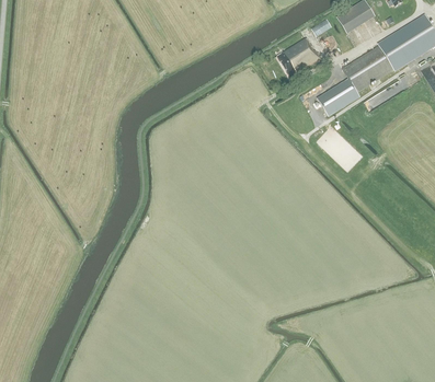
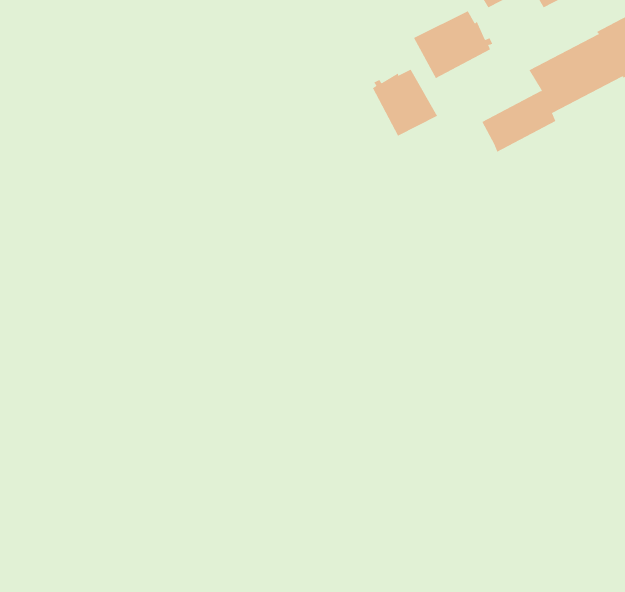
building: none -> [372,69,438,137]

